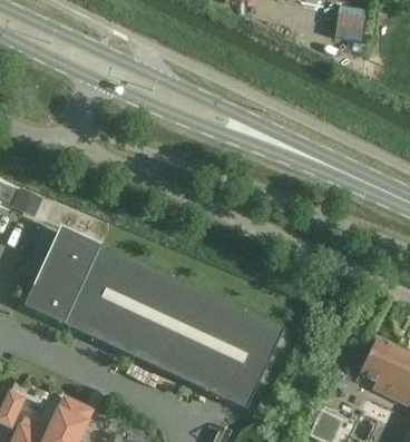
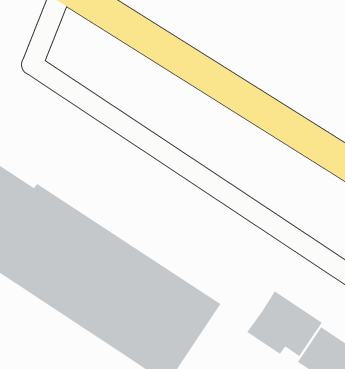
building: none -> [246,290,323,357]

